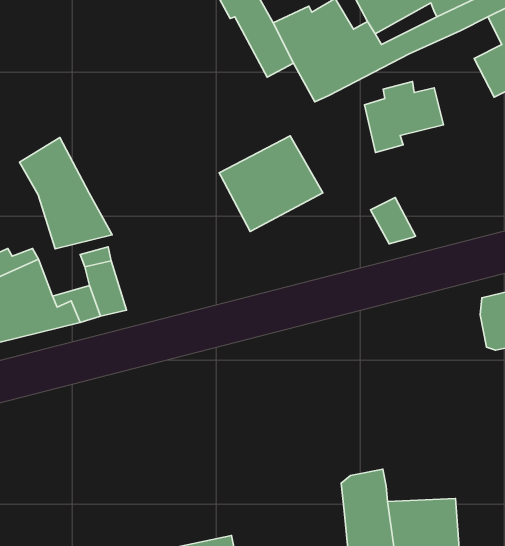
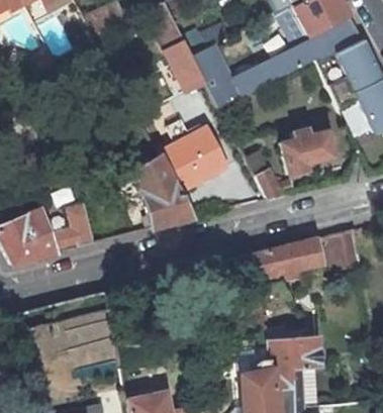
building: [365,82,443,153] -> [283,128,334,175]
building: [20,138,112,249] -> [133,156,194,228]
building: none -> [255,238,324,283]
building: none -> [265,328,313,369]

